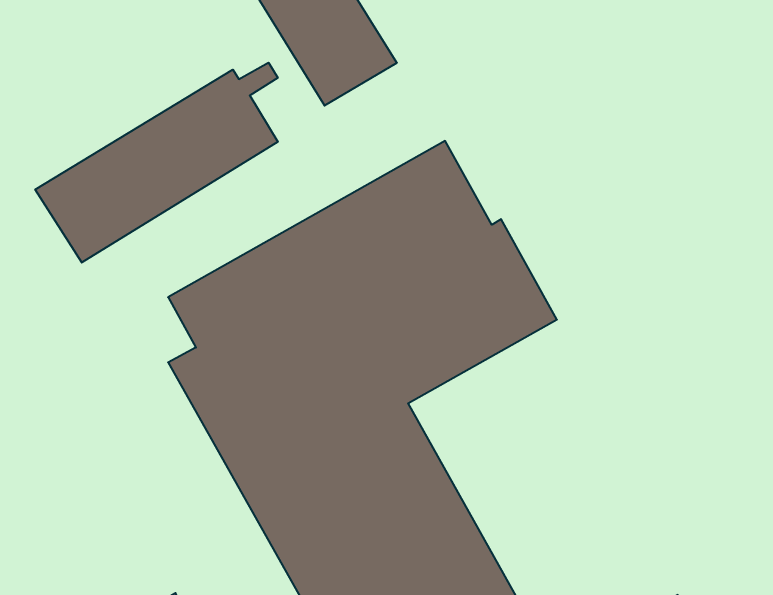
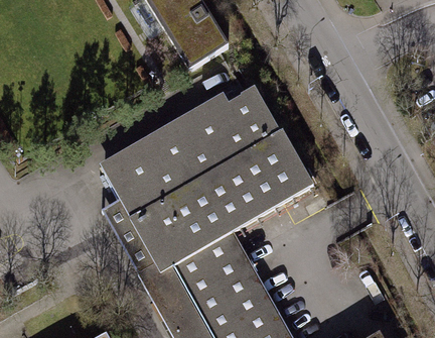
building: [35,63,278,263] -> none

